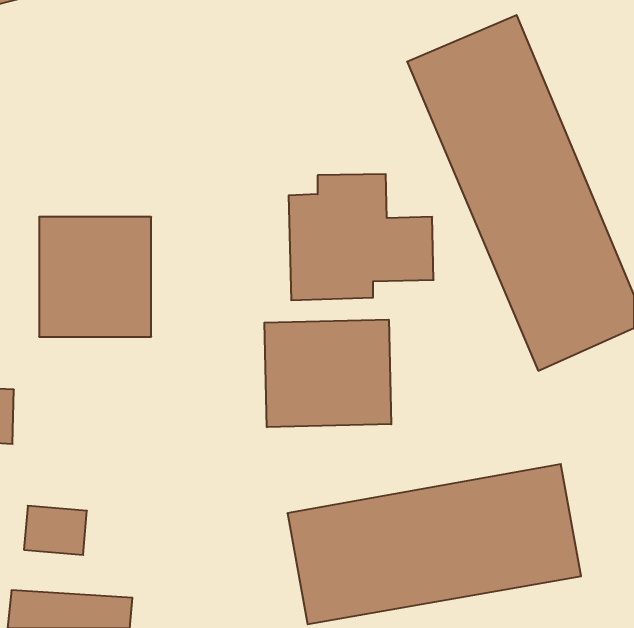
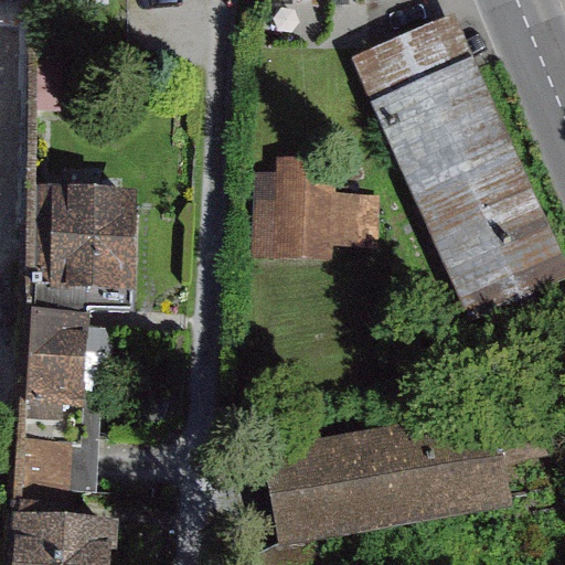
building: [264,320,391,427] -> none
building: none -> [19,316,85,423]

